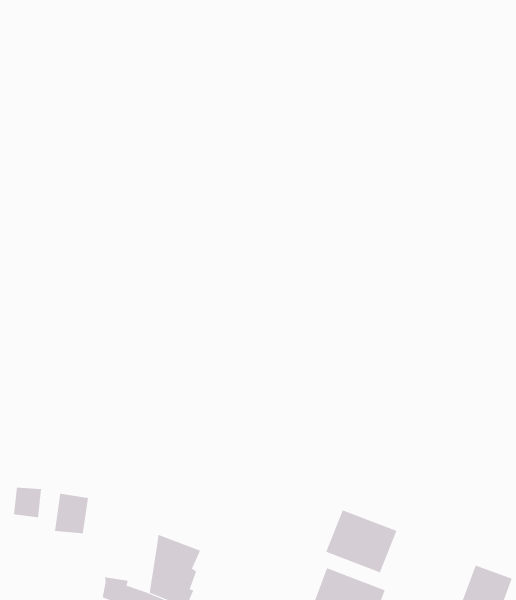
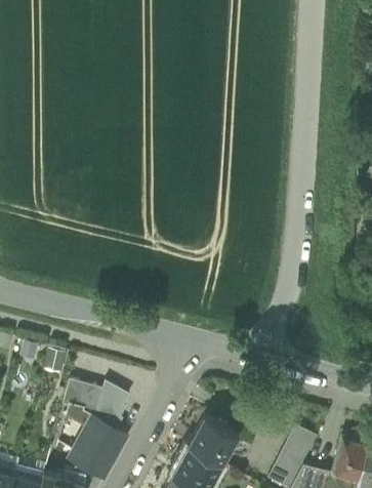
building: [326,509,397,573] -> none
building: none -> [64,379,104,416]

